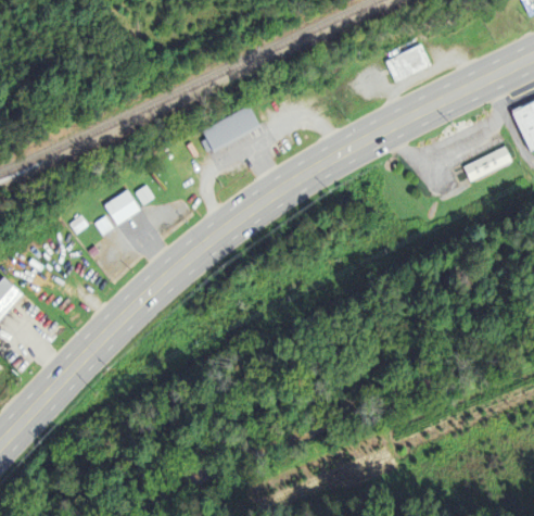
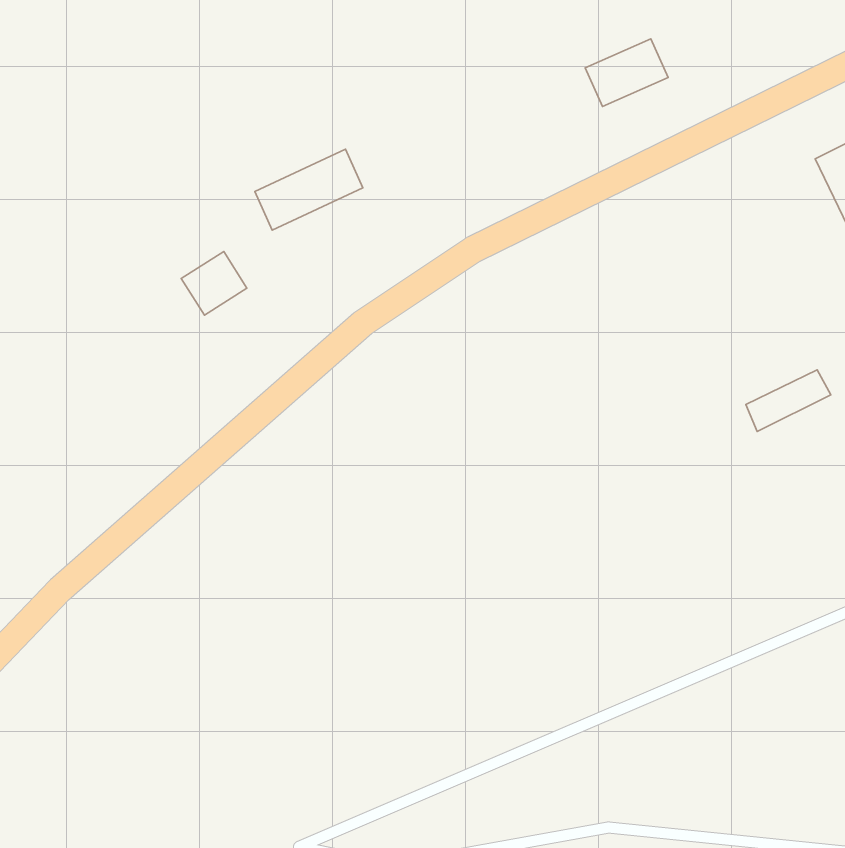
building: [466,147,513,181] -> [746,370,831,432]
building: [103,190,140,226] -> [181,251,247,315]

